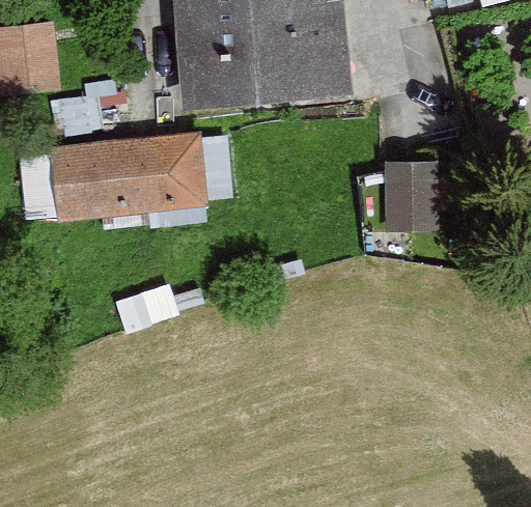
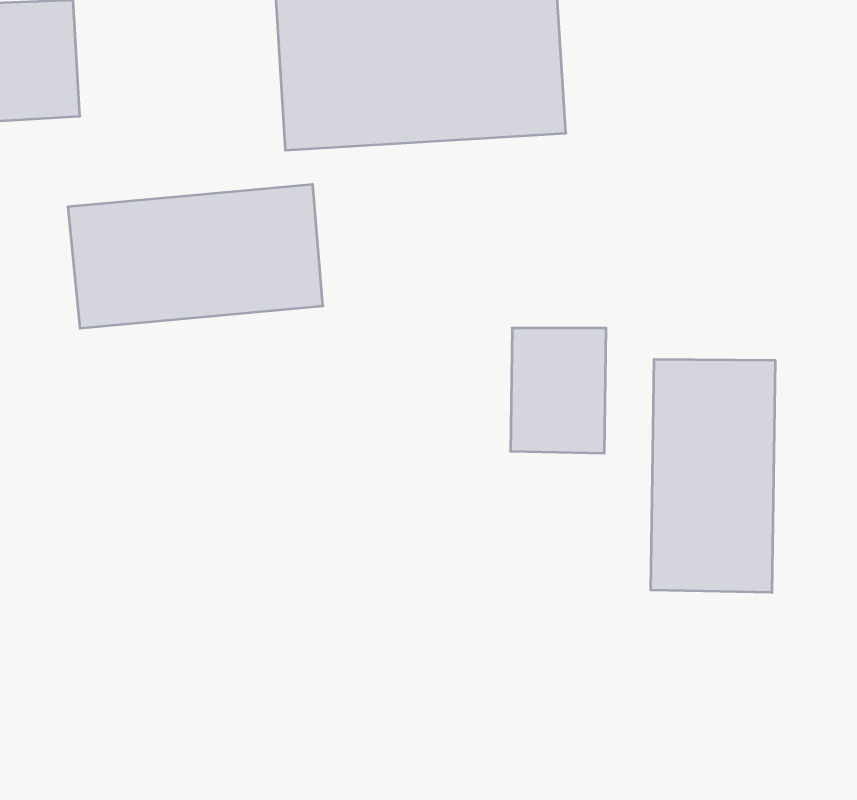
building: [389,148,447,224] -> [510,328,606,453]
building: none -> [651,359,775,593]

